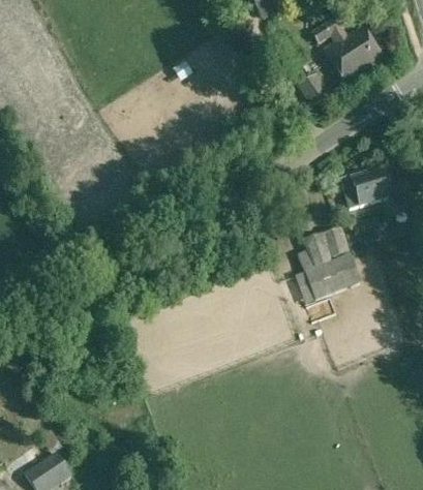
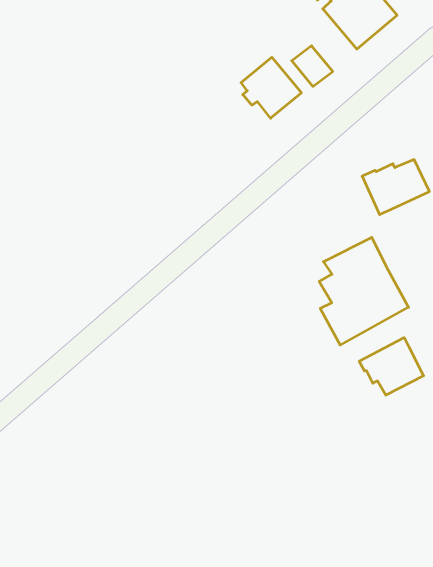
building: none -> [241,57,301,118]
building: none -> [359,338,424,395]

